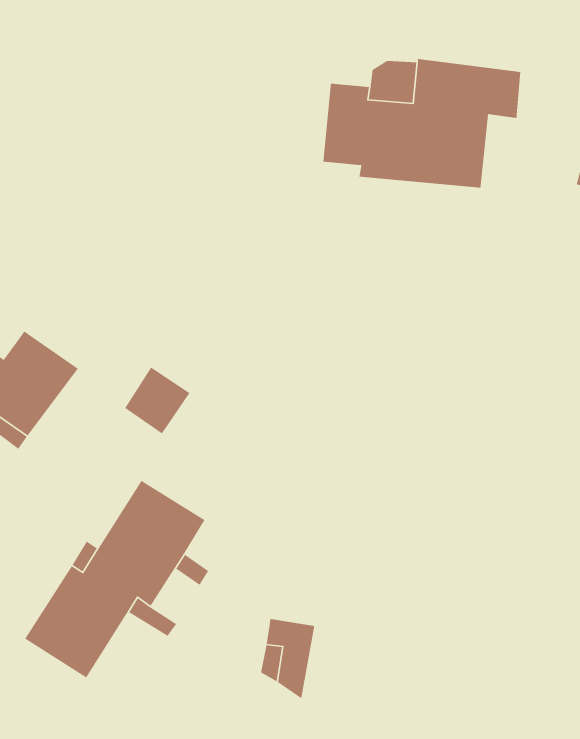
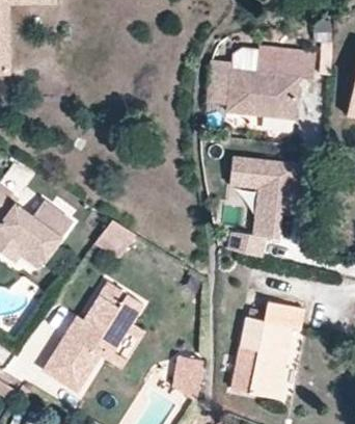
building: none -> [227,154,301,255]
building: none -> [231,301,304,398]

